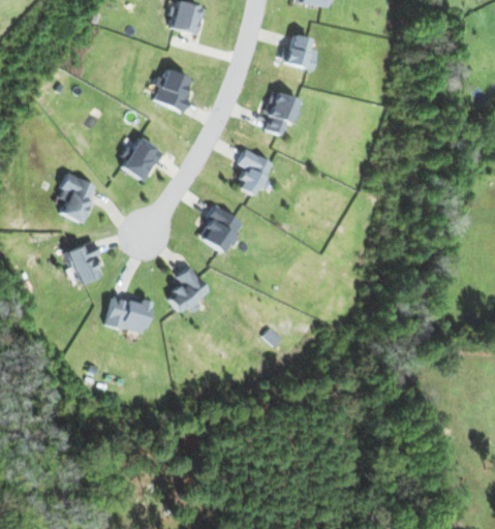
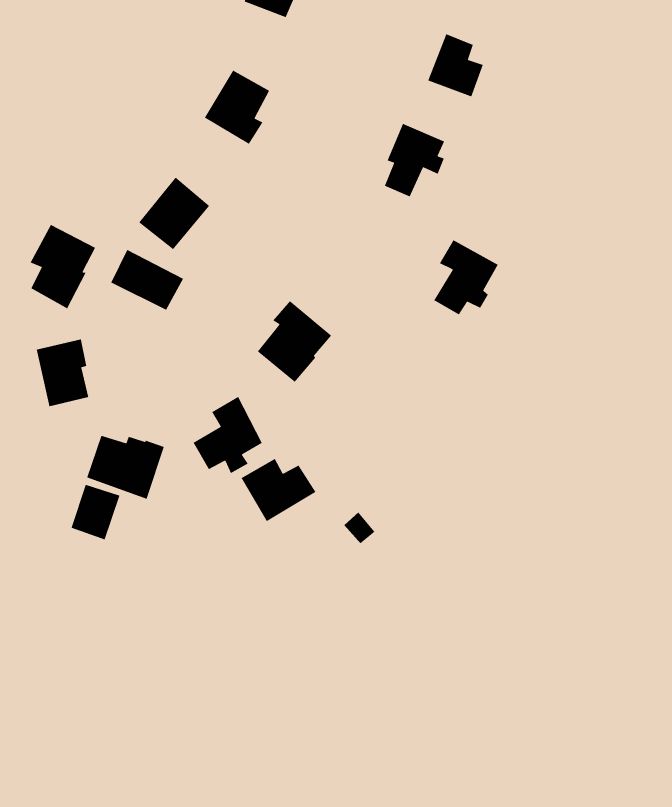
building: [237,150,274,195] -> [433,239,499,315]
building: none -> [110,249,184,311]
building: none -> [241,458,316,522]
building: none -> [71,484,121,541]

